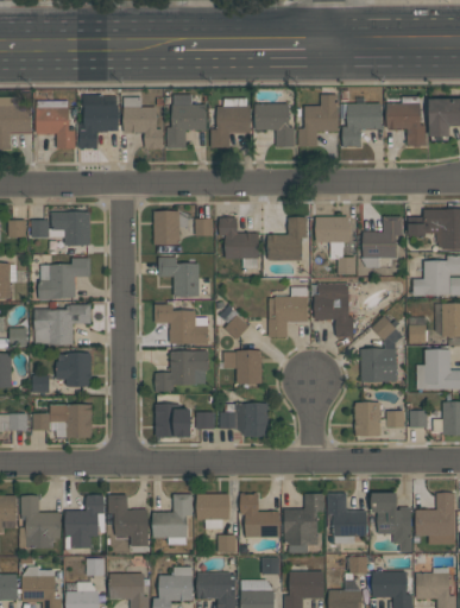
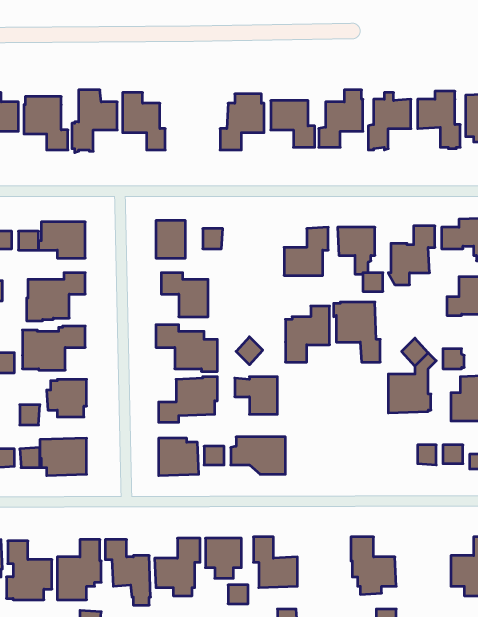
building: [166,95,207,148] -> none
building: [219,218,258,268] -> none
building: [354,403,380,436] -> none
building: [371,493,411,552] -> none
building: [284,494,323,553] -> none

